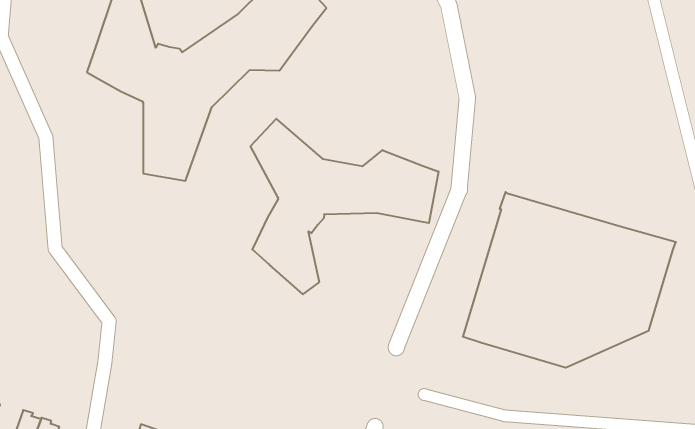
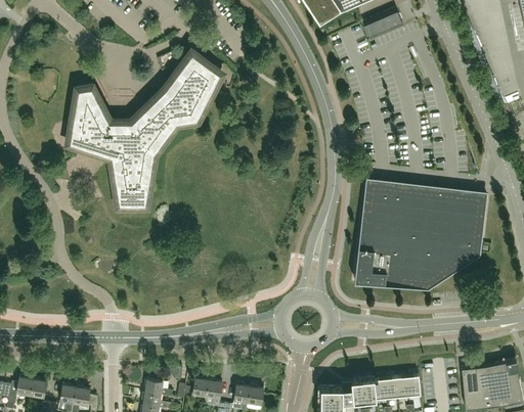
building: [251,119,439,294] -> none

